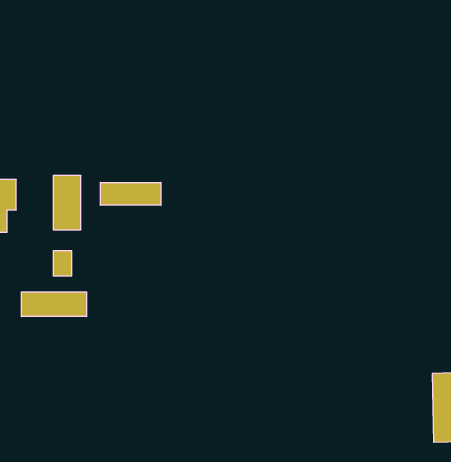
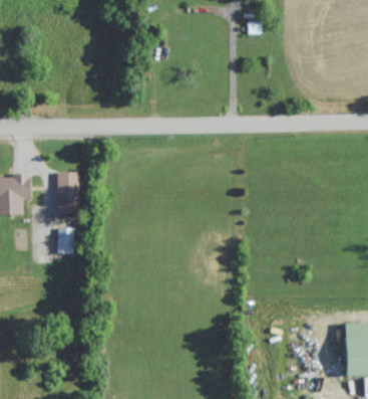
building: [100,182,161,205] -> none
building: [21,292,87,317] -> none

